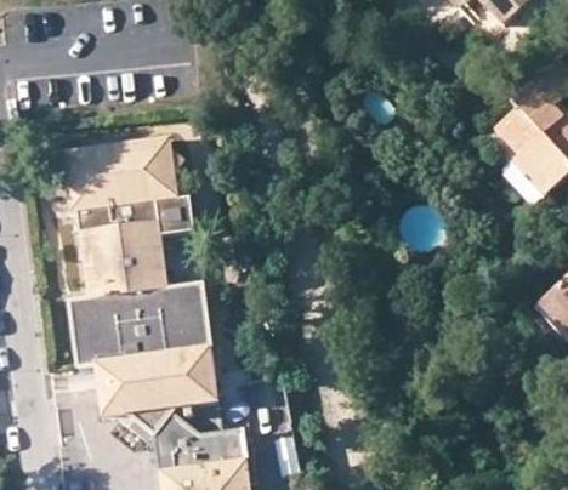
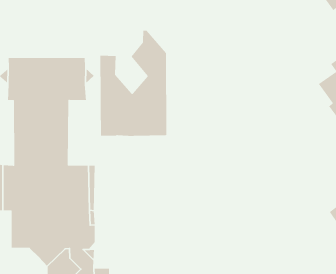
building: none -> [99,30,167,142]
building: [155,198,193,235] -> none

